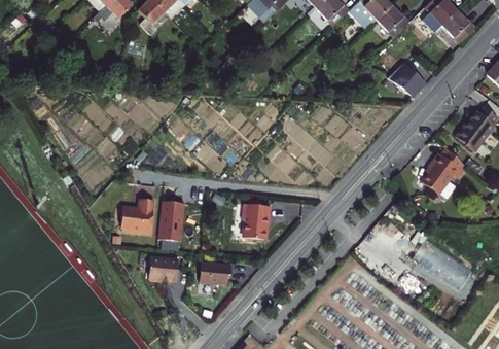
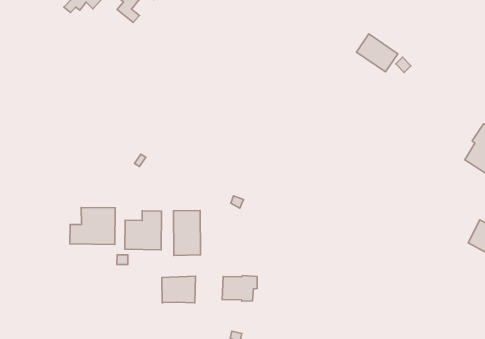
building: [391,65,426,99] -> [357,34,398,72]
building: none -> [70,207,115,245]
building: [246,204,270,238] -> none

